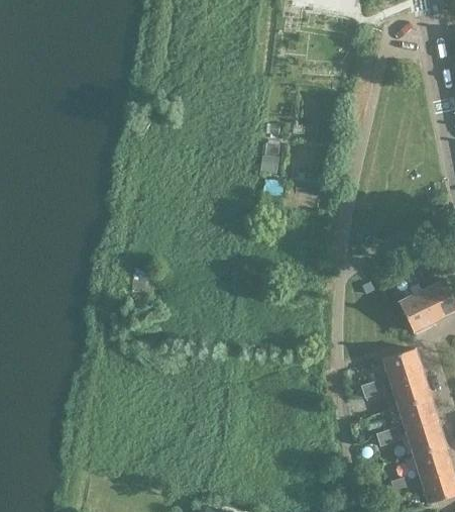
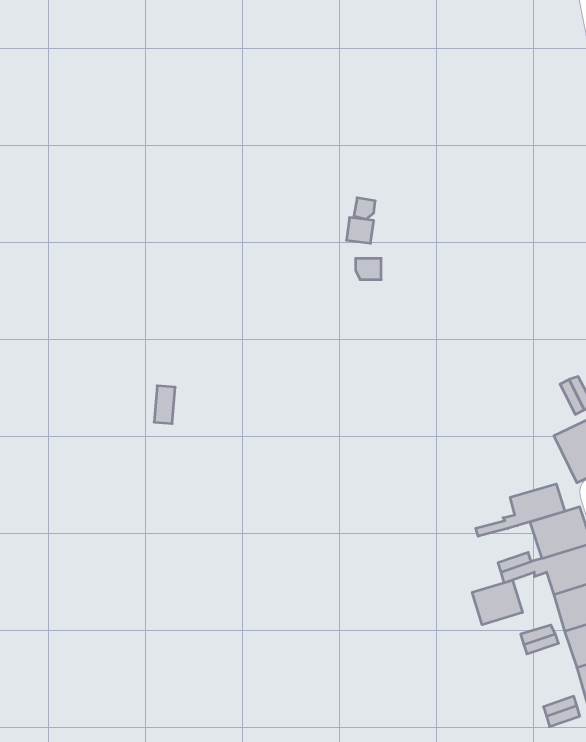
building: none -> [476,484,565,536]
building: none -> [472,580,522,625]

